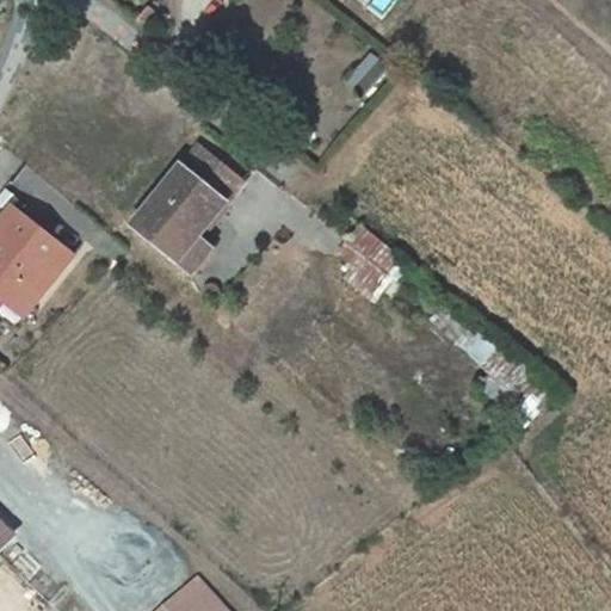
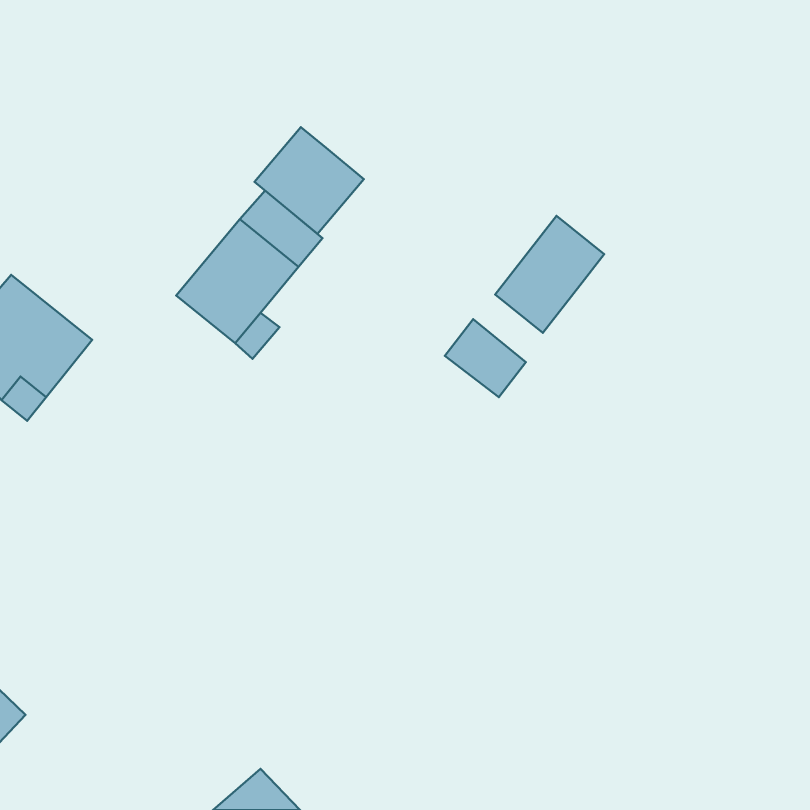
building: none -> [255,127,364,234]
building: none -> [495,216,604,333]

